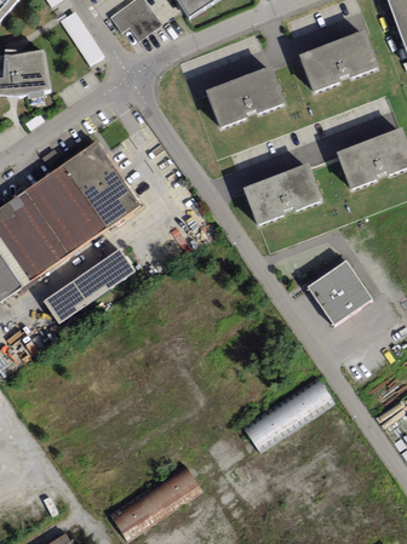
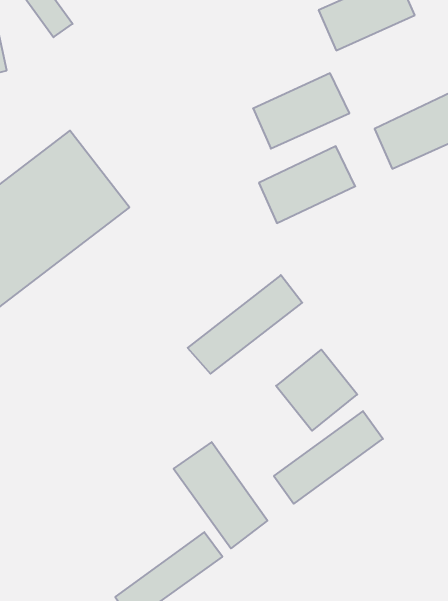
building: [208,69,285,126] -> [253,73,349,149]
building: [42,248,136,323] -> [188,275,302,374]
building: [308,260,372,325] -> [276,350,357,431]
building: none -> [174,442,267,548]

